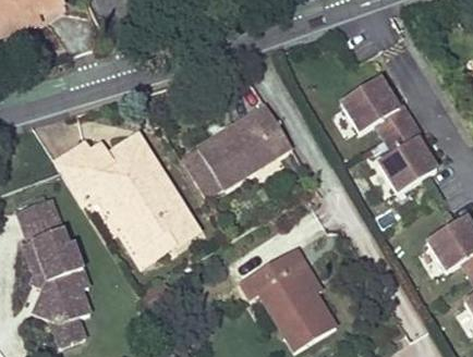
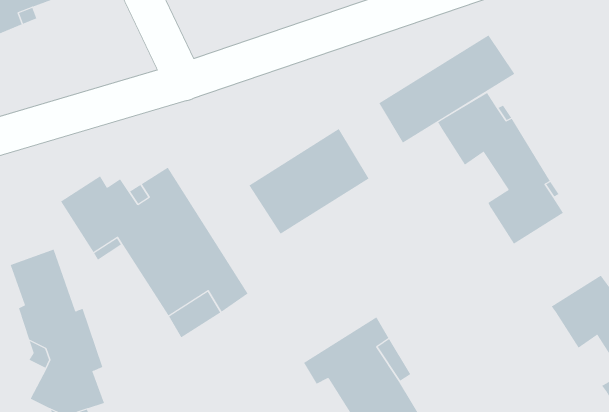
building: none -> [379,35,515,143]
building: [179,149,222,199] -> none

